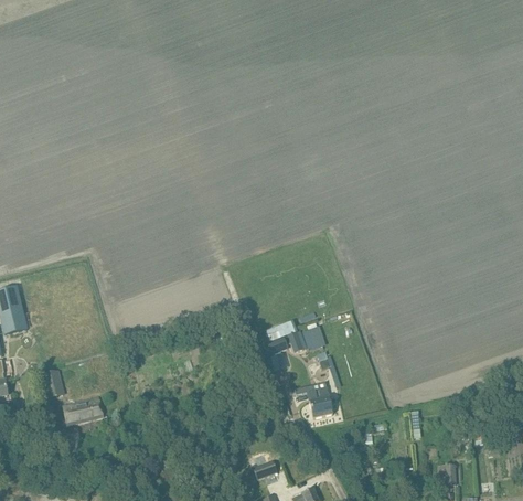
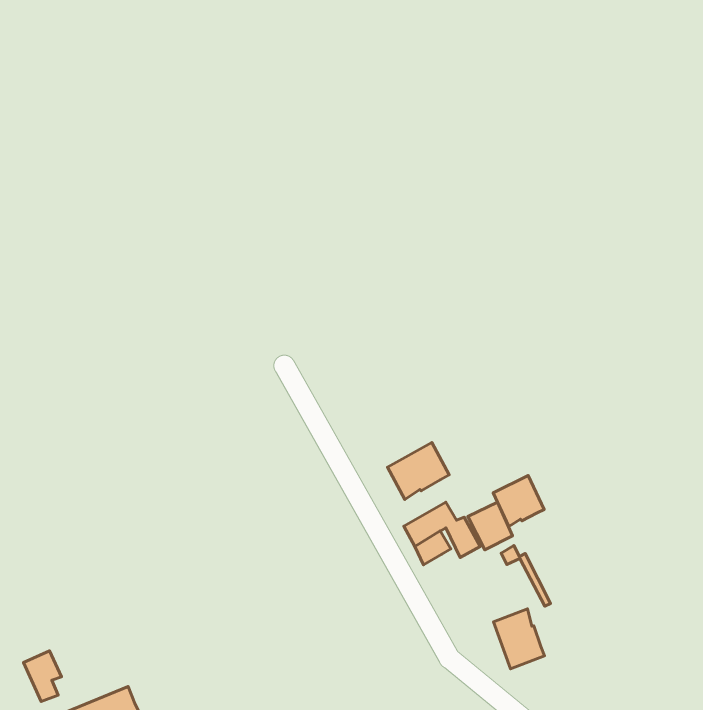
building: none -> [388,442,449,500]
building: none -> [493,476,544,527]

